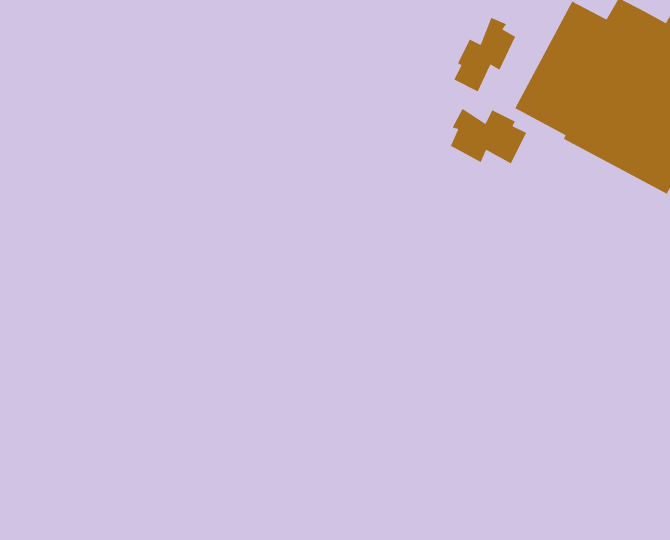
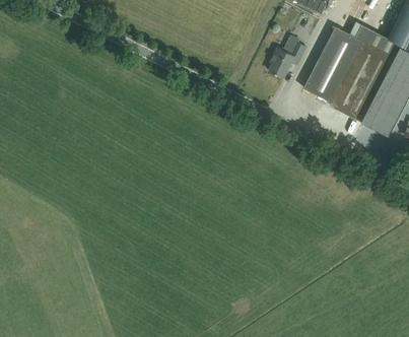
building: [450,108,527,164] -> none

